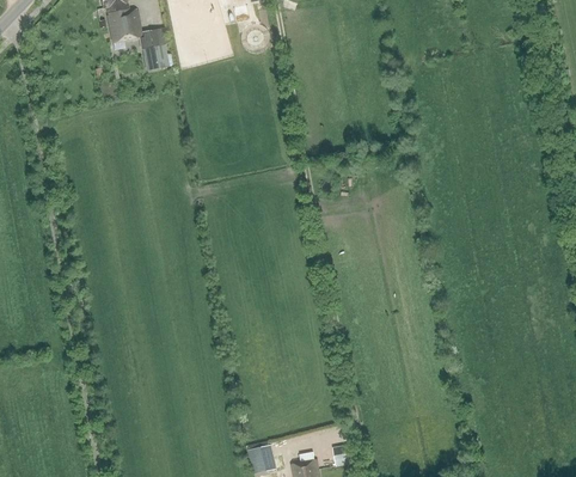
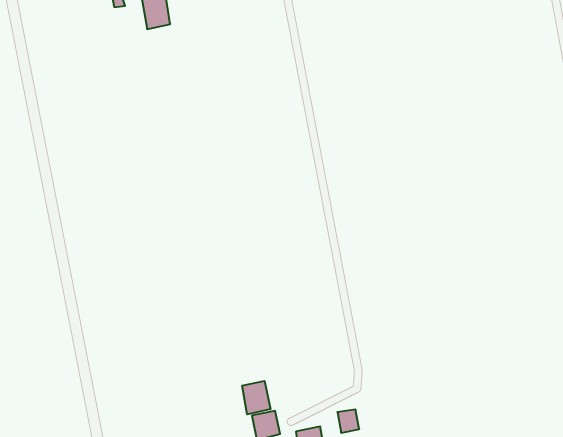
building: none -> [242,381,270,414]

